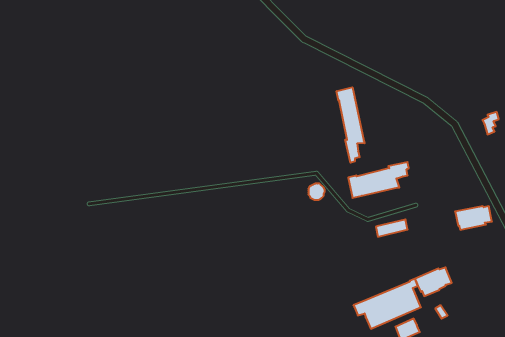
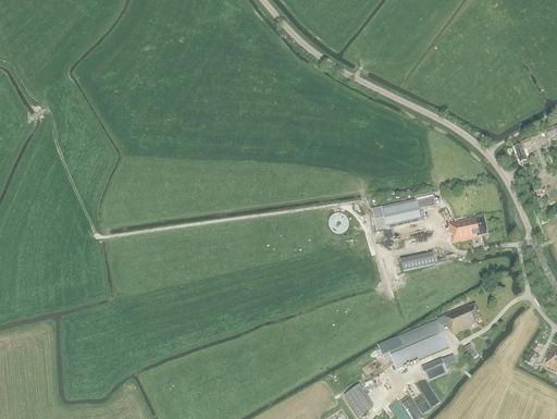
building: [337,87,365,163] -> none
building: [455,206,492,230] -> [448,215,487,241]

